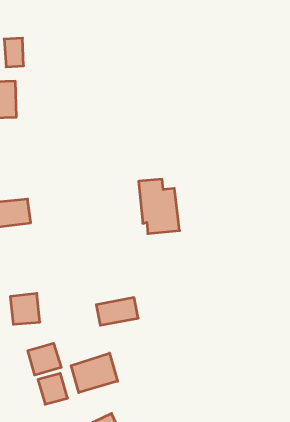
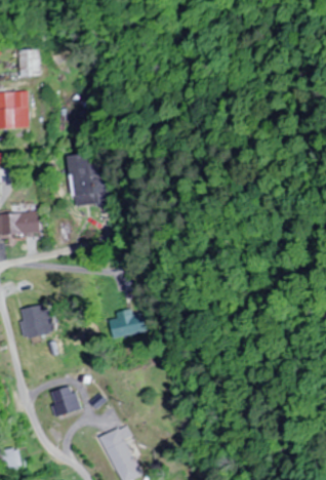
building: [139,179,180,234] -> [68,153,109,207]
building: [28,343,61,375] -> none
building: [71,353,118,393] -> none

